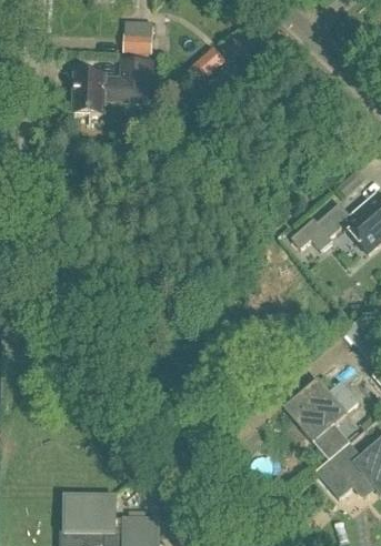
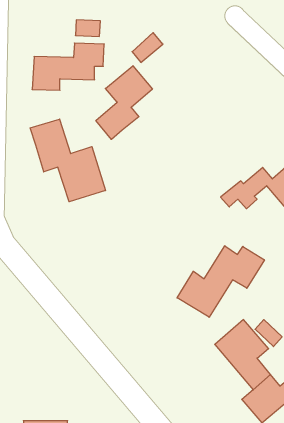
building: none -> [96,66,152,139]
building: none -> [30,119,105,202]
building: none -> [177,246,264,317]

